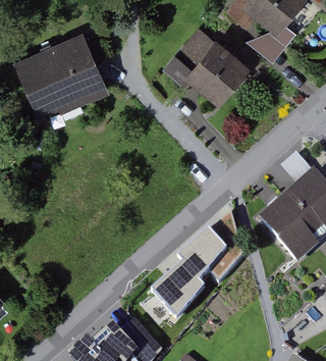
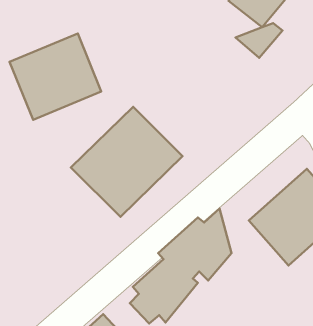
building: [171,28,251,104] -> none
building: none -> [71,107,183,217]

